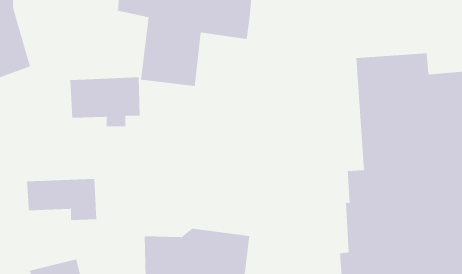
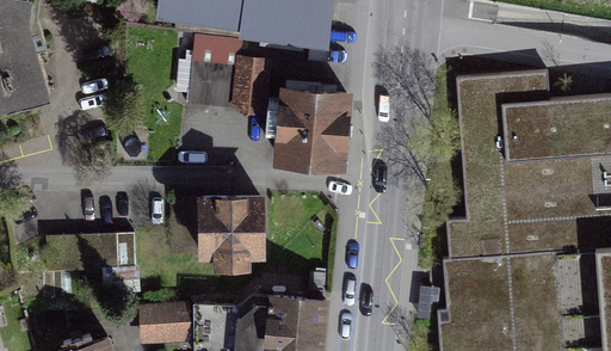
building: none -> [279,81,348,168]
building: [70,77,140,127] -> [174,201,263,263]
building: none -> [142,306,189,343]

